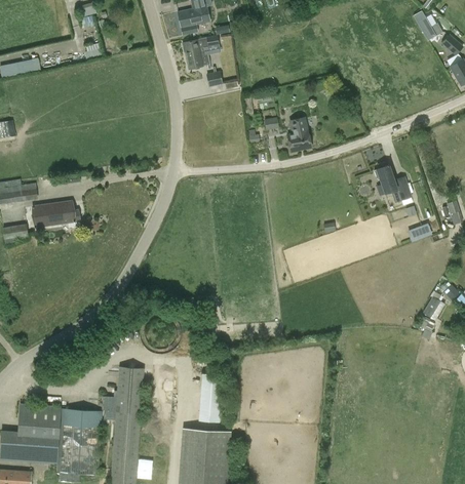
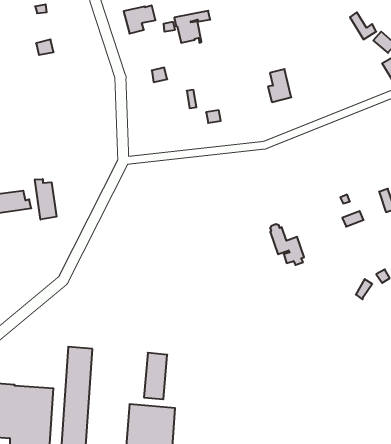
building: [182,36,220,70] -> [174,11,210,43]
building: [286,117,311,152] -> [268,69,291,102]
building: [377,162,413,205] -> [270,224,304,265]
building: none -> [35,179,56,220]

